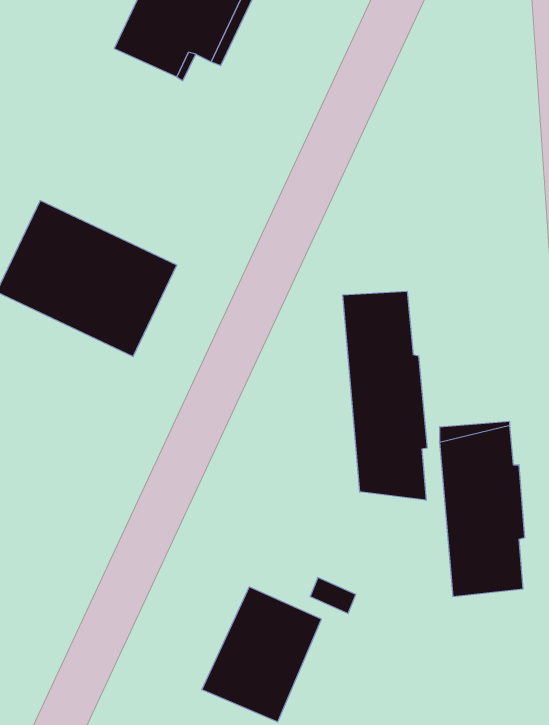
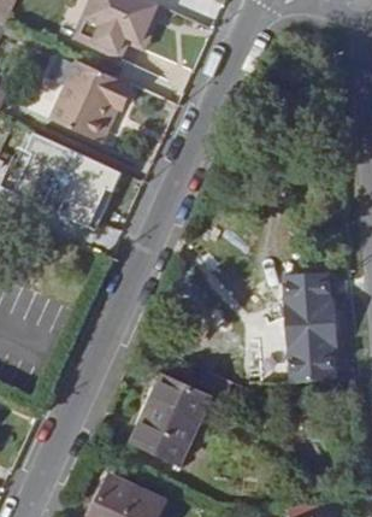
building: none -> [48,60,128,140]
building: [343,291,427,500] -> none

